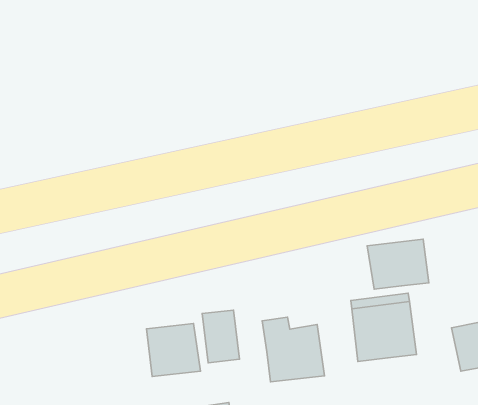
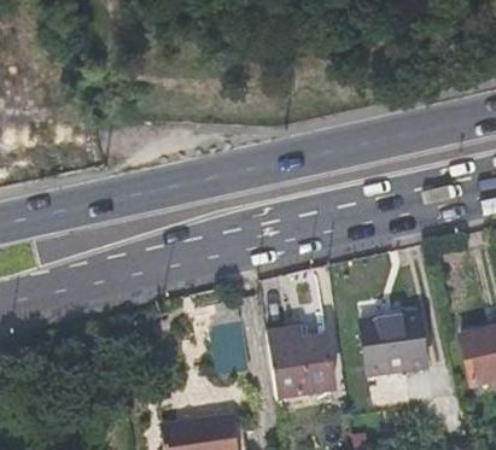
building: [367,239,429,289] -> none
building: [146,324,201,377] -> none

